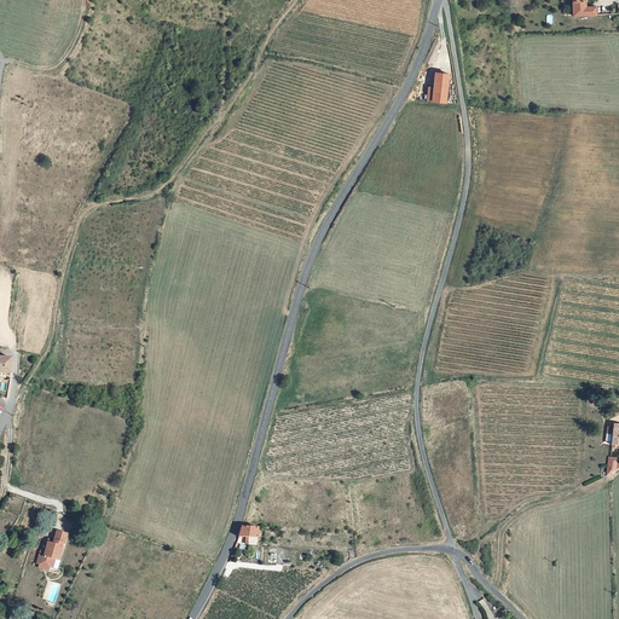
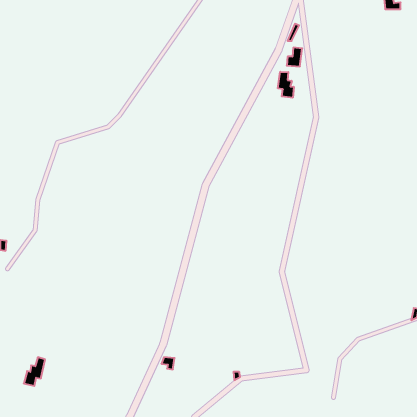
building: none -> [278,72,294,98]

